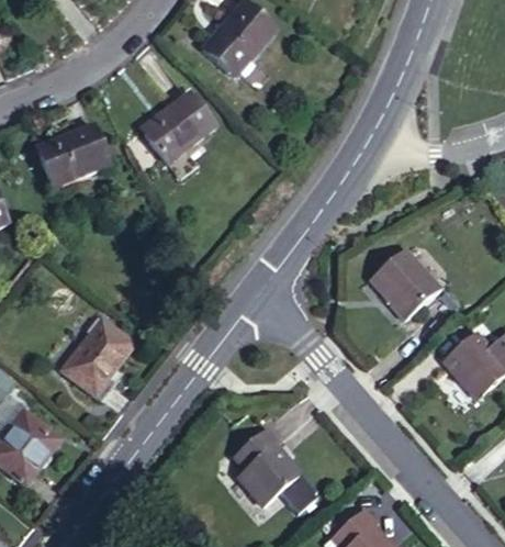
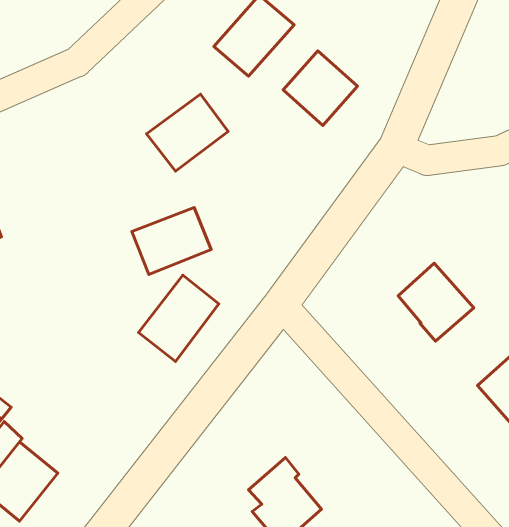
building: none -> [283,51,357,125]
building: [37,125,110,187] -> [132,207,211,275]
building: [61,316,135,395] -> [138,275,219,361]

